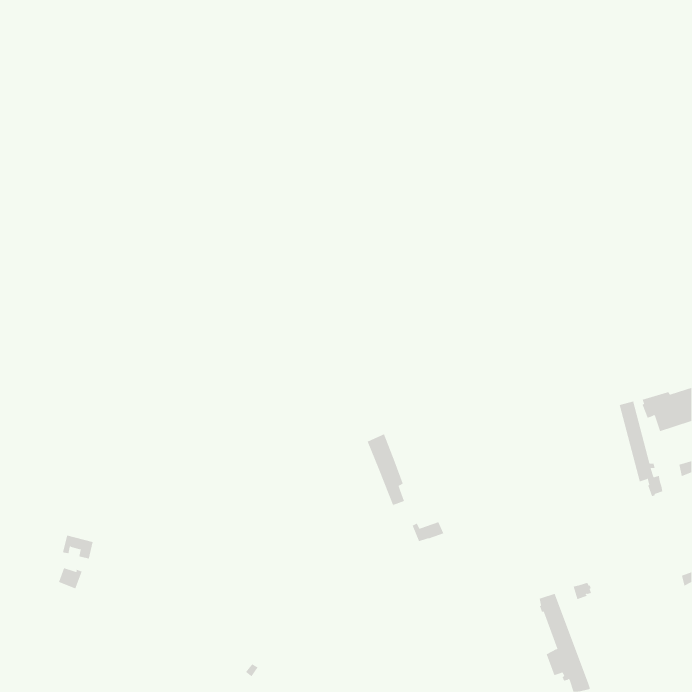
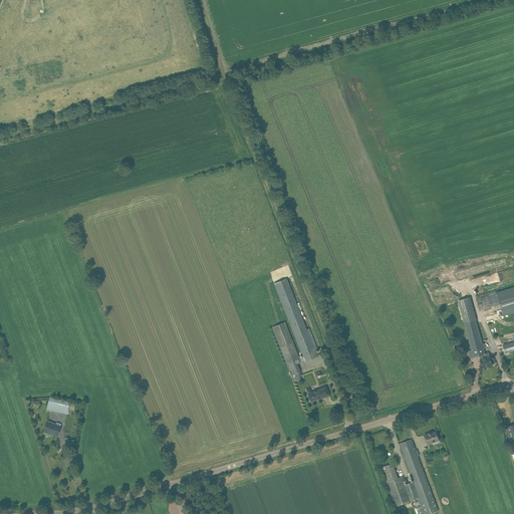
building: none -> [274,279,318,362]
building: none -> [380,463,410,507]

